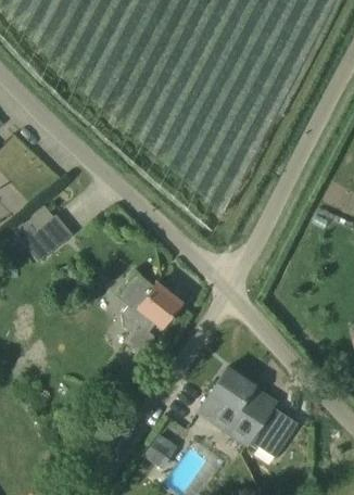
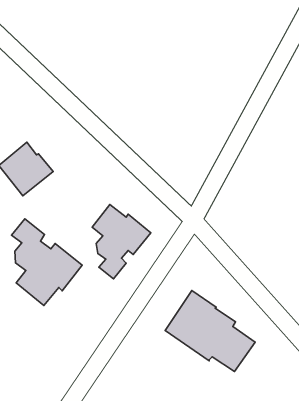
building: none -> [12,219,82,305]
building: [144,434,178,470] -> none

